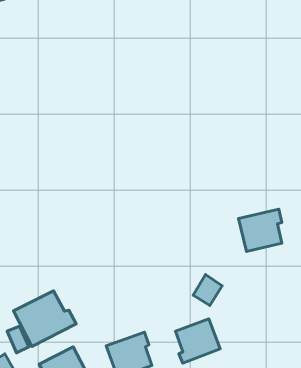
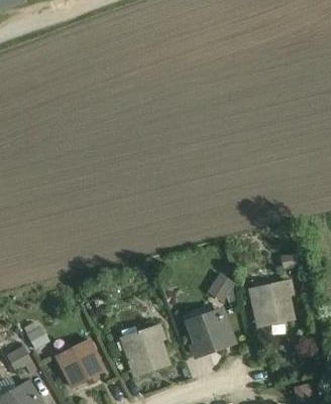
building: [238,209,282,252] -> [249,281,292,322]
building: [14,291,76,347] -> none

